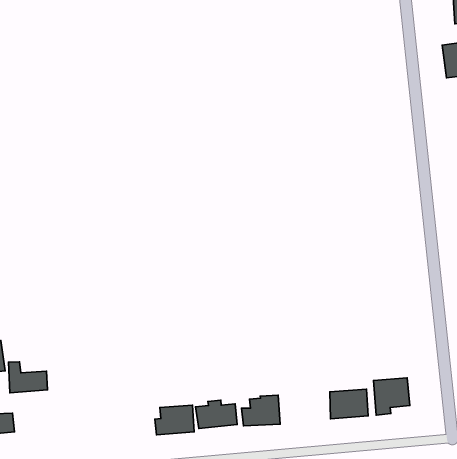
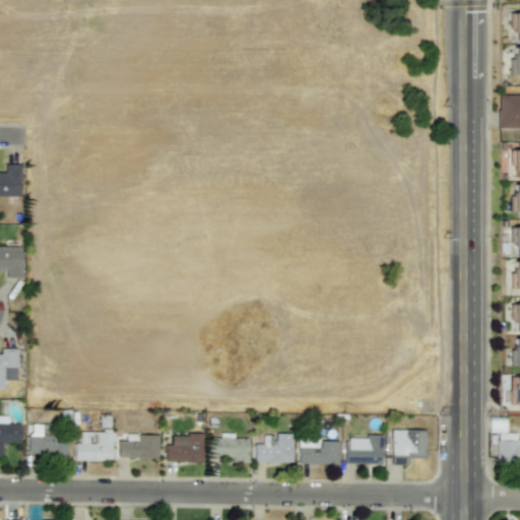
building: [9,362,47,393] -> [30,425,70,457]
building: none -> [300,439,340,465]
building: none -> [121,435,160,459]
building: none -> [76,433,115,462]

